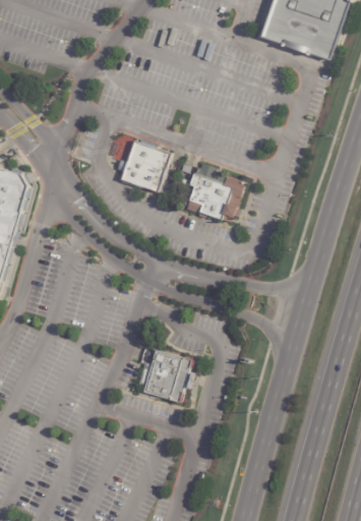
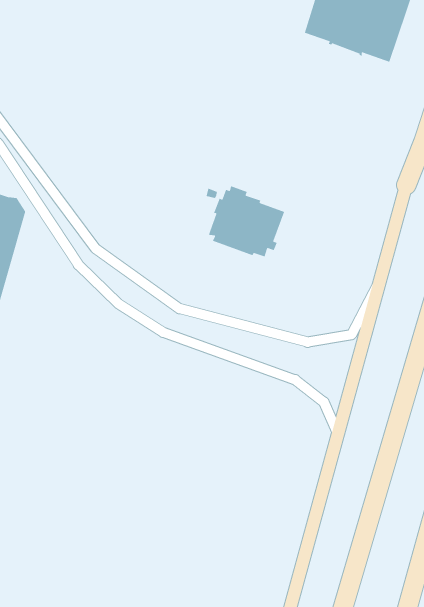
building: [119,140,177,194] -> none
building: [136,345,193,400] -> none

